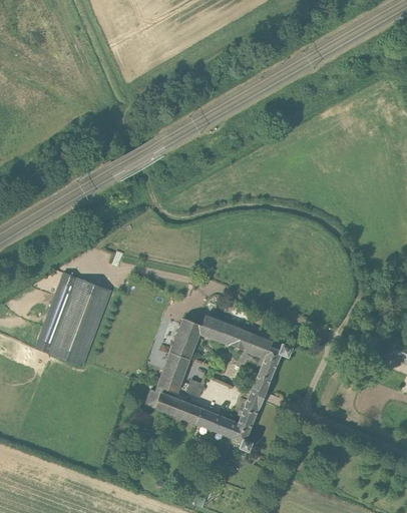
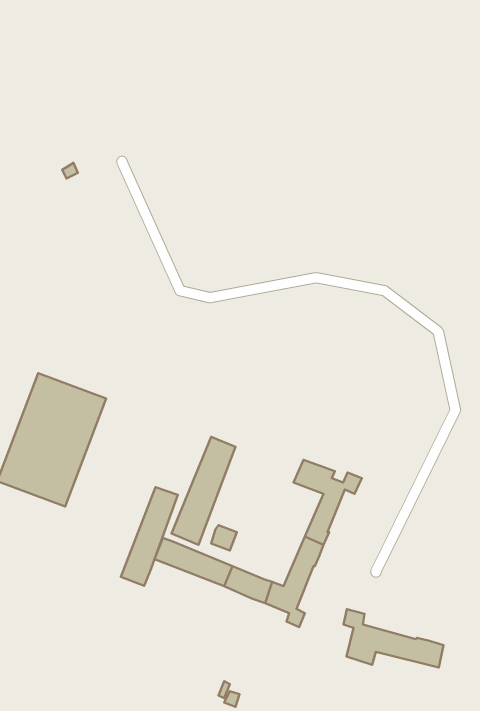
building: [199,316,251,350] -> none
building: none -> [121,487,178,586]
building: none -> [343,609,444,667]

